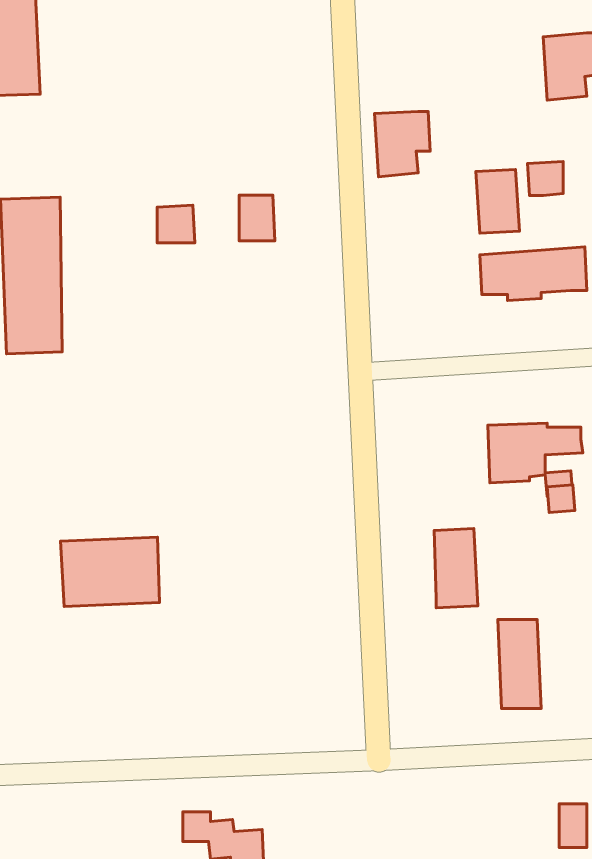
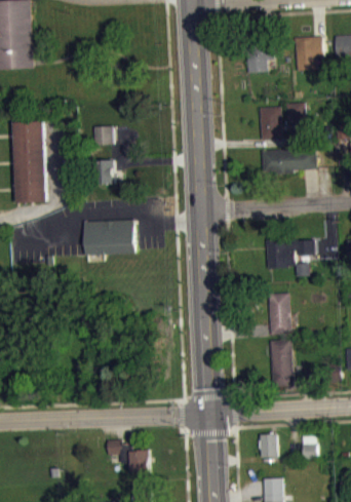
building: [375,111,430,177] -> [244,39,273,73]
building: [239,195,275,241] -> [95,160,114,184]
building: [434,528,478,608] -> [268,293,290,334]
building: [60,537,159,607] -> [82,220,133,256]
building: none -> [260,434,277,458]

